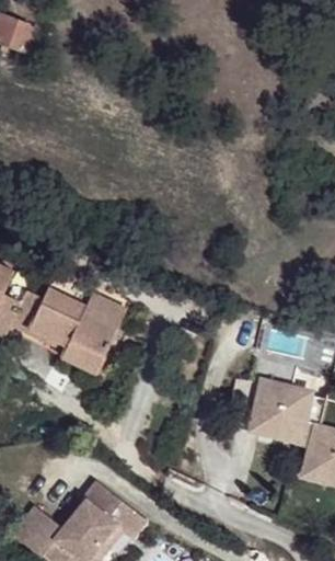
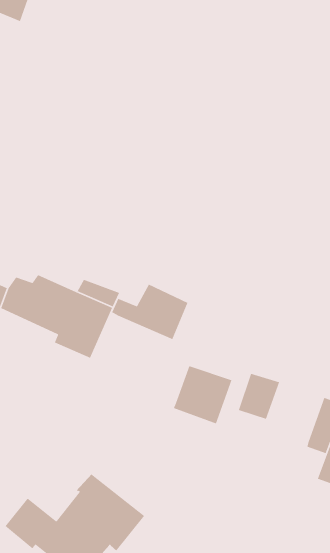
building: none -> [111,283,189,340]
building: [263,392,320,449] -> [173,365,232,425]

